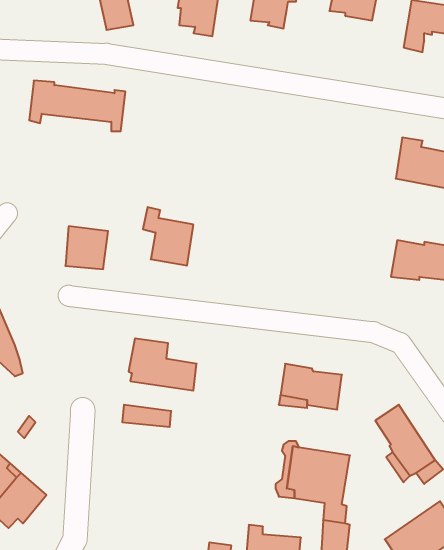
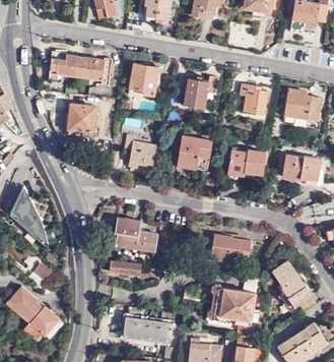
building: none -> [129,64,157,97]
building: none -> [183,77,215,109]
building: none -> [240,84,267,115]
building: none -> [176,136,210,171]
building: [65,226,108,269] -> [67,105,94,132]
building: none -> [226,150,265,176]
building: none -> [123,318,172,344]

